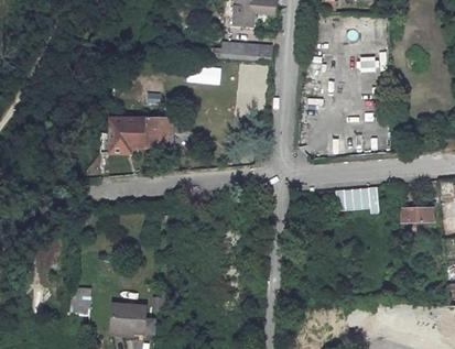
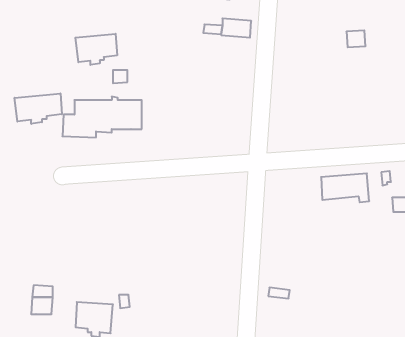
building: none -> [75,34,117,65]
building: none -> [15,93,62,124]

